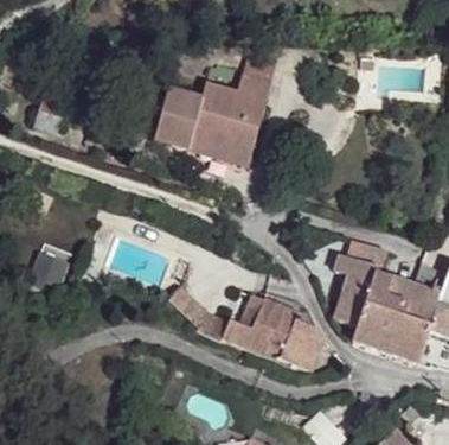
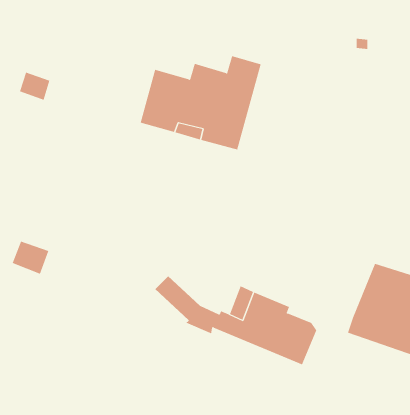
building: [333,240,386,325] -> none

